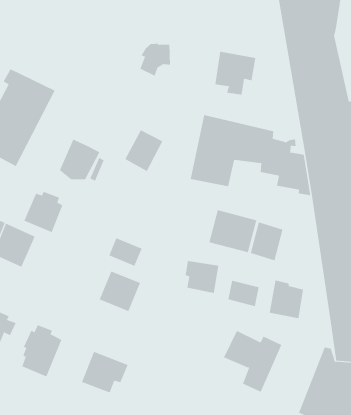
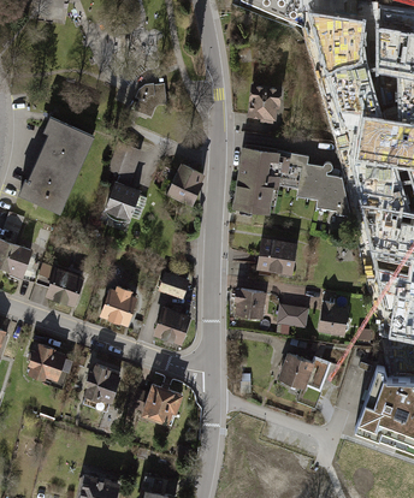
building: [140,43,171,76] -> [136,84,166,117]
building: none -> [108,143,144,185]
building: [23,191,63,233] -> [100,284,137,324]
building: [250,221,283,261] -> none

